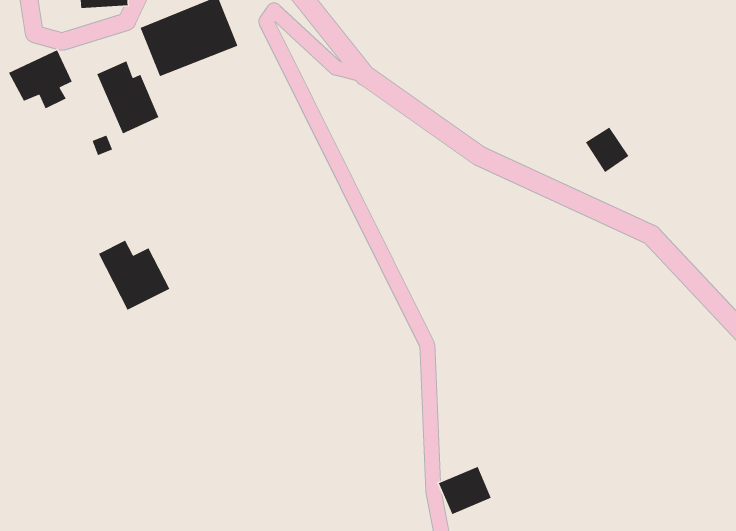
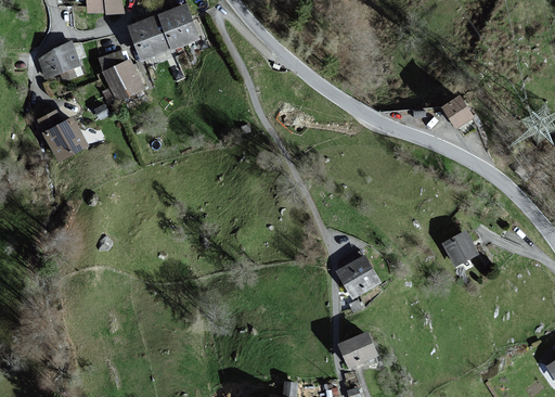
building: [98,239,170,311] -> [37,111,88,161]
building: none -> [442,231,478,267]
building: none -> [335,255,380,299]

